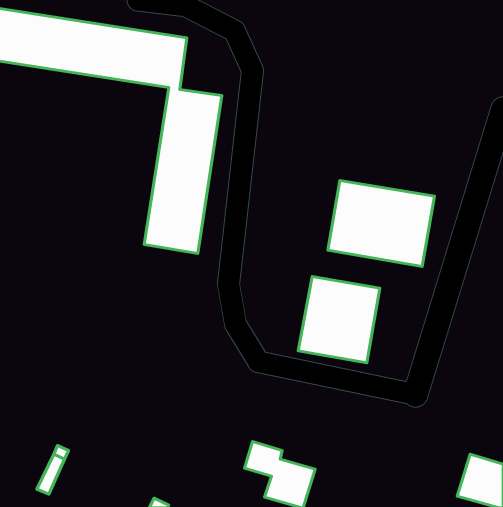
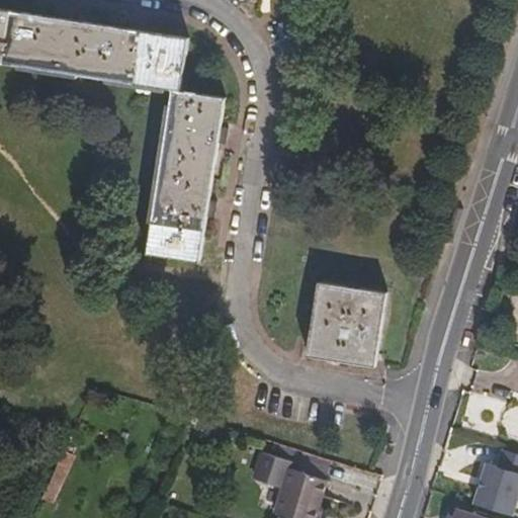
building: [328,181,434,267] -> none

